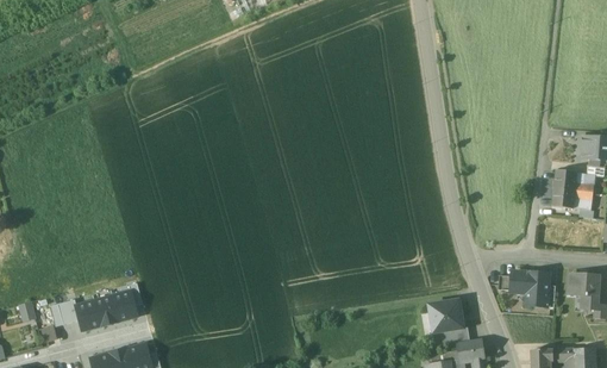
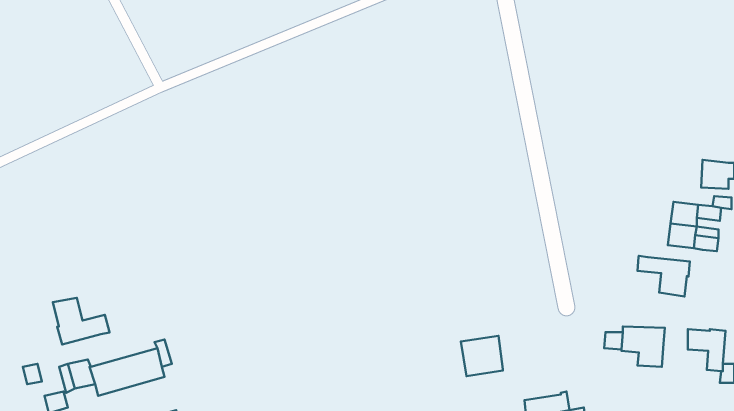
building: none -> [638,256,690,297]
building: none -> [53,298,109,344]
building: [427,299,462,332] -> [461,336,503,376]

